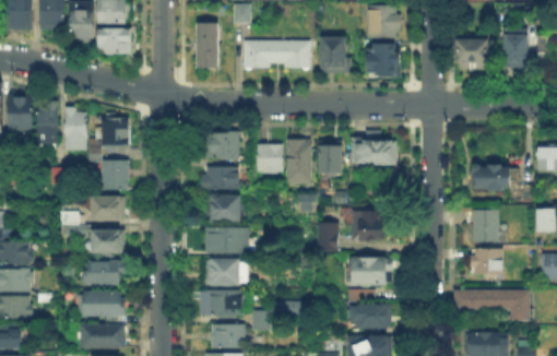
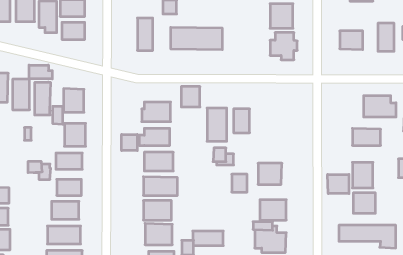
building: [317,35,347,69] -> none
building: none -> [29,65,52,79]
building: none -> [364,96,396,117]
building: [352,128,395,165] -> none
building: [258,146,282,173] -> [181,87,200,107]
building: none -> [122,134,137,151]
building: none -> [328,174,349,194]

